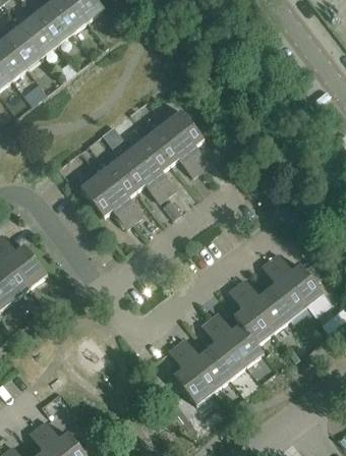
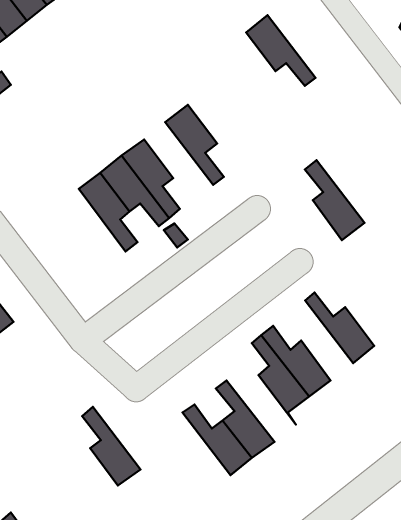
building: [148,121,200,175] -> [246,15,315,86]
building: [80,172,133,226] -> none
building: [262,258,307,319] -> [305,160,365,240]
building: [211,312,264,365] -> none
building: [169,343,214,403] -> [82,407,141,486]

